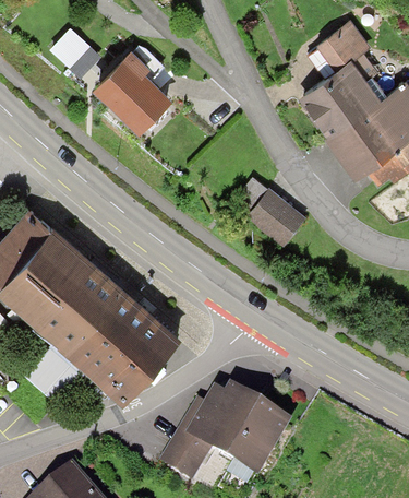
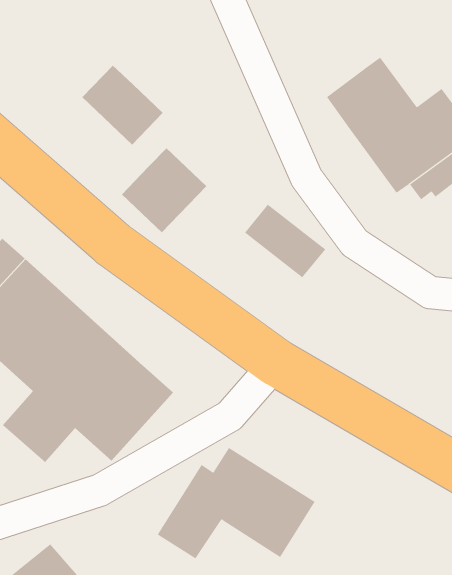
building: [321,23,364,64] -> none
building: [51,27,100,75] -> none
building: none -> [121,147,207,233]

